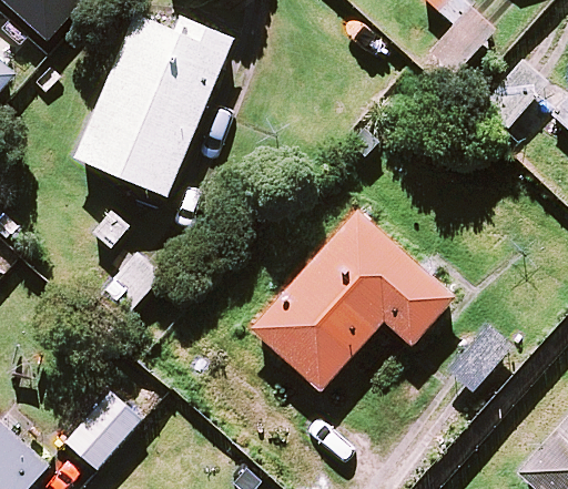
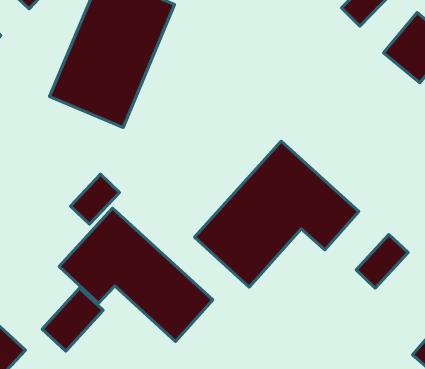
building: none -> [59,208,213,342]

